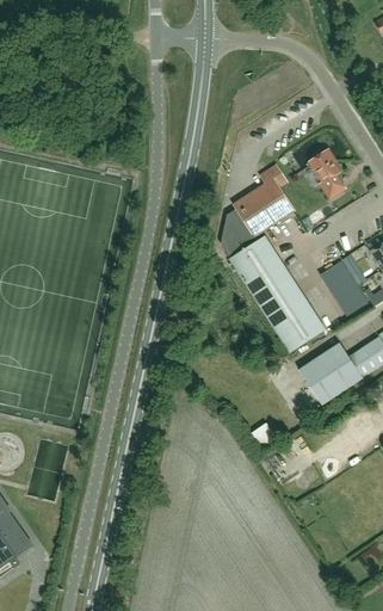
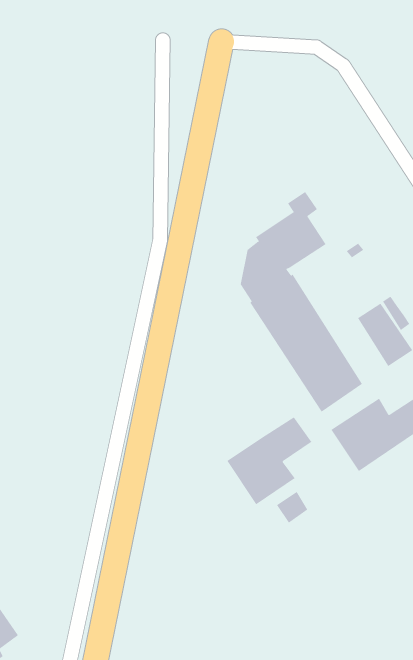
building: [310,149,346,198] -> none
building: none -> [226,416,312,505]

